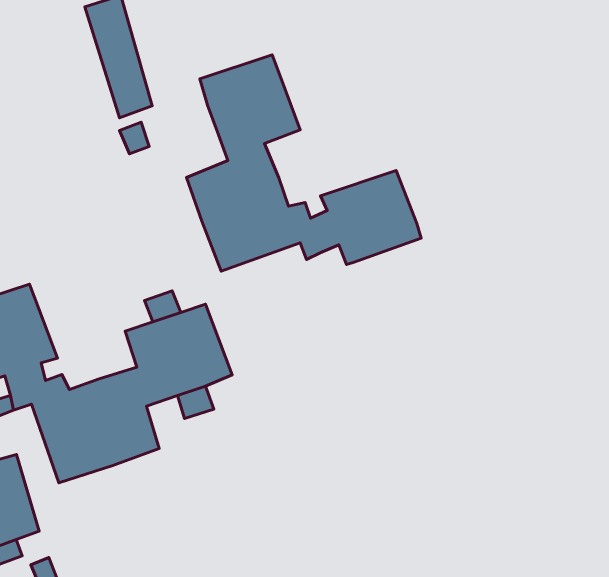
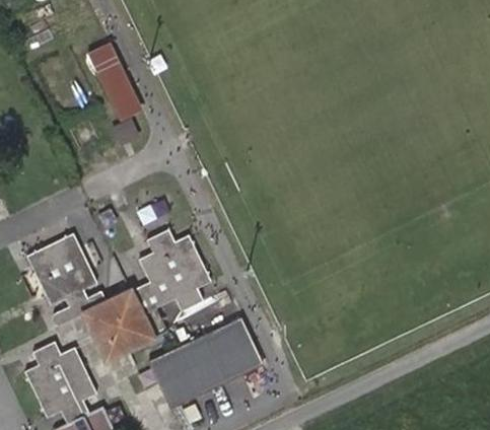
building: [187,55,421,271] -> none
building: none -> [147,319,266,411]

